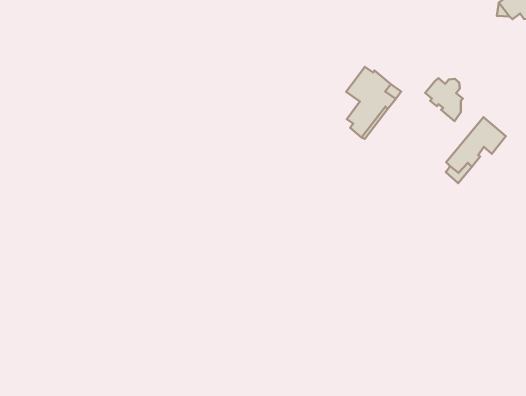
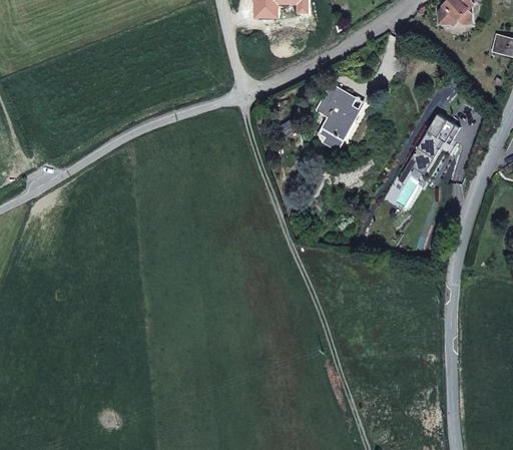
building: [425,78,463,121] -> none

